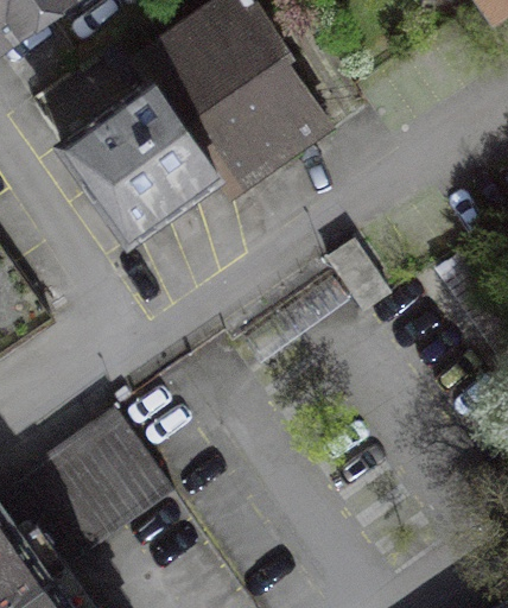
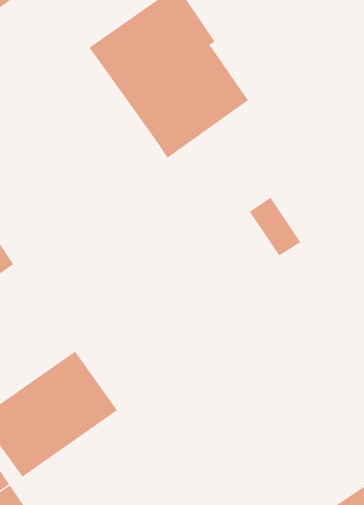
building: [62,83,221,242] -> none

